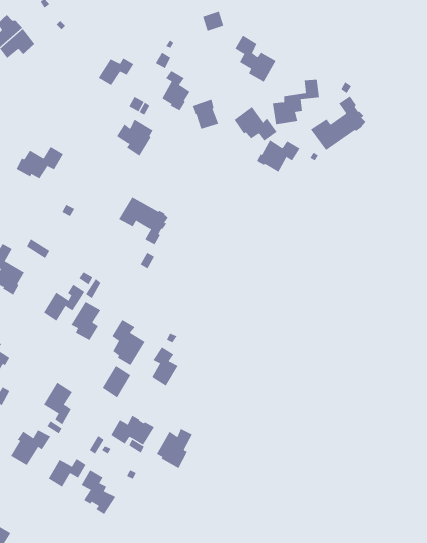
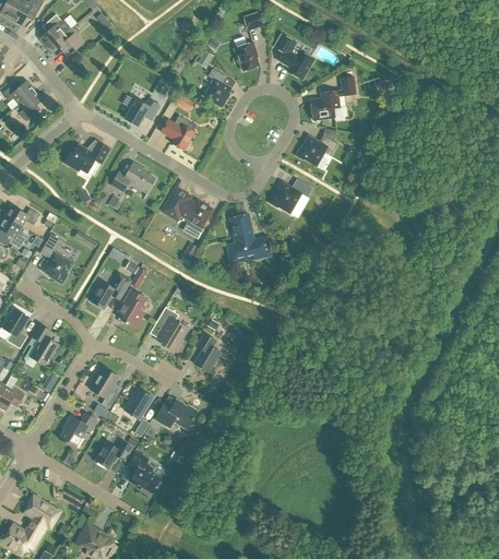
building: [98,57,134,86] -> [124,98,159,126]
building: [310,95,366,151] -> none
building: [192,99,219,130] -> [234,41,260,71]
building: [234,106,278,142] -> none
building: none -> [111,163,155,193]
building: none -> [269,179,311,213]
building: none -> [226,213,271,264]
building: [102,365,131,398] -> [124,388,153,419]
building: [156,428,193,469] -> none

